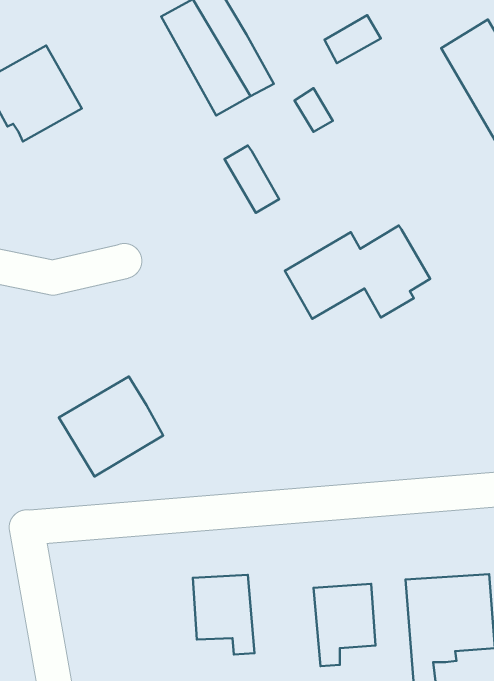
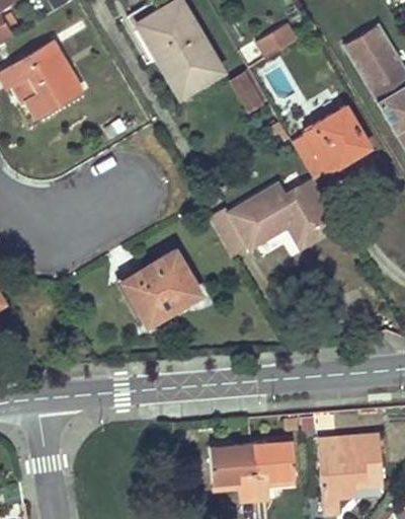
building: none -> [292,108,369,179]
building: [224,146,279,213] -> [209,206,249,255]
building: [59,376,163,477] -> [123,251,199,325]
building: [193,575,255,655] -> [210,444,255,503]

